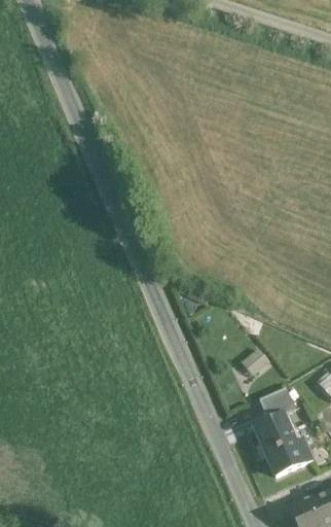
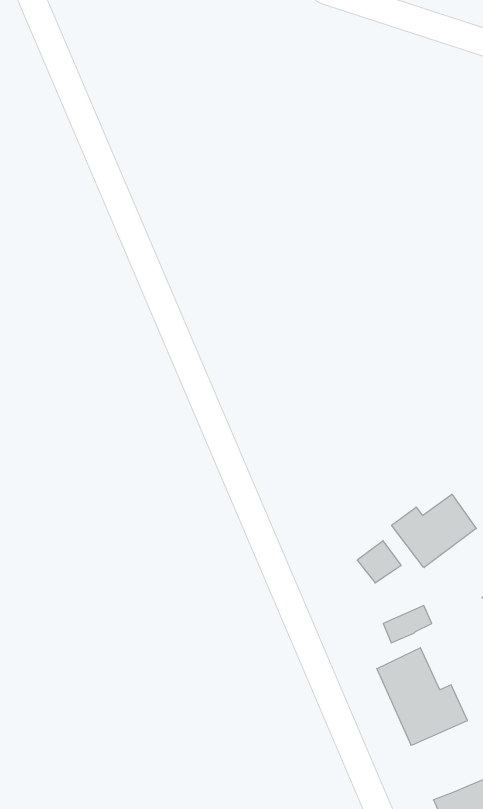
building: none -> [392,494,476,568]

